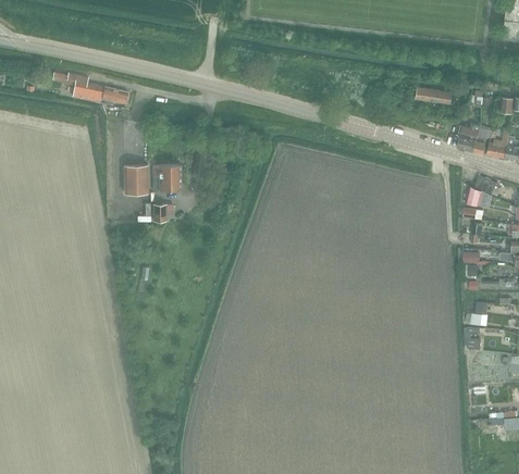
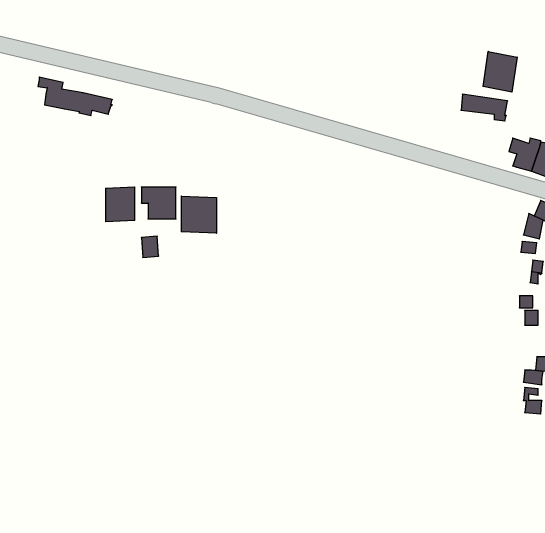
building: none -> [483,51,517,92]
building: none -> [181,196,216,233]

